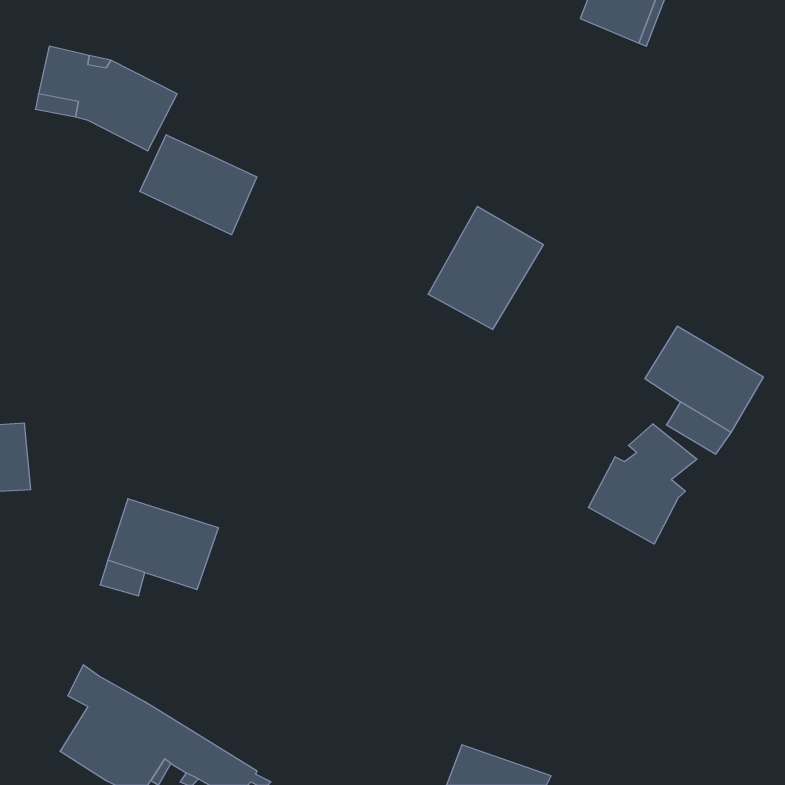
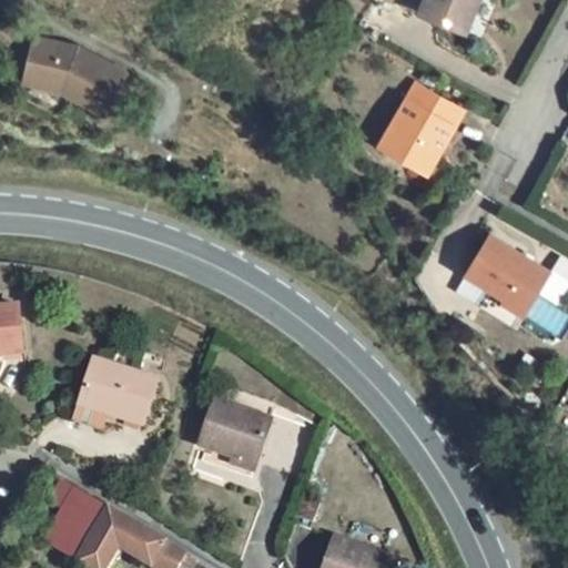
building: [140,135,257,235] -> none
building: [428,206,543,330] -> [379,83,463,172]
building: [589,424,697,544] -> none
building: none -> [197,399,270,470]

